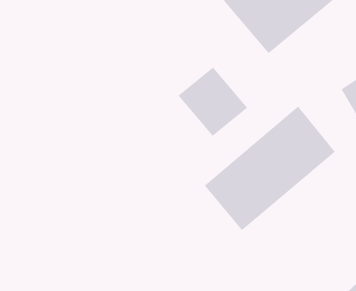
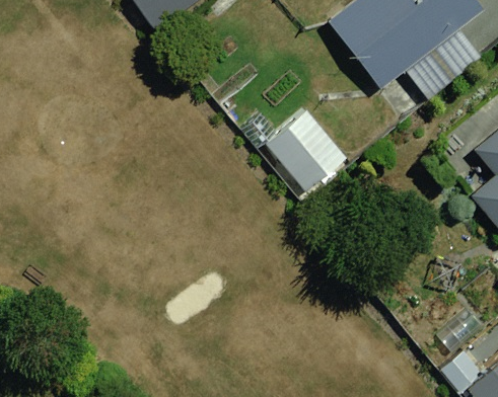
building: [204,105,336,231] -> none

